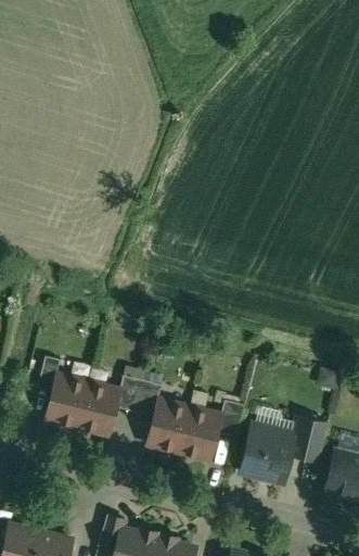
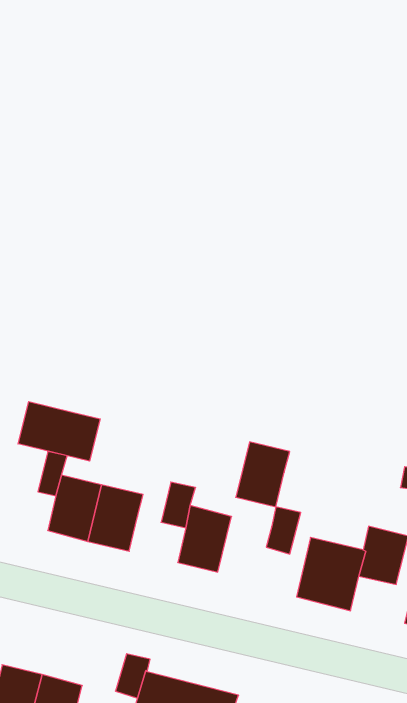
building: none -> [18,402,100,461]
building: [116,375,142,412] -> none
building: [179,407,221,458] -> [236,442,290,507]

